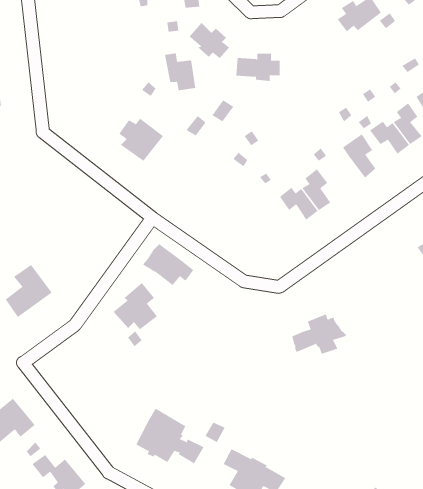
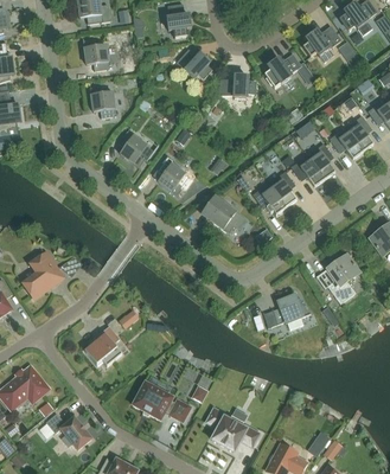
building: none -> [83,38,109,70]
building: none -> [264,53,315,88]
building: [164,53,196,91] -> [89,85,116,117]
building: none -> [290,154,326,187]
building: none -> [156,155,185,196]
building: [142,243,194,287] -> [203,197,247,233]
building: none -> [317,255,362,303]
building: [113,282,158,330] -> [84,325,122,365]

